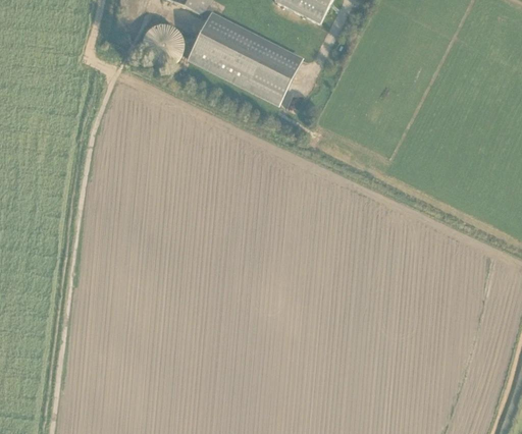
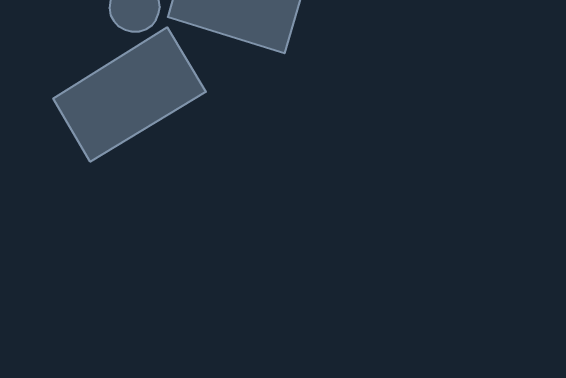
building: none -> [53,27,206,162]

